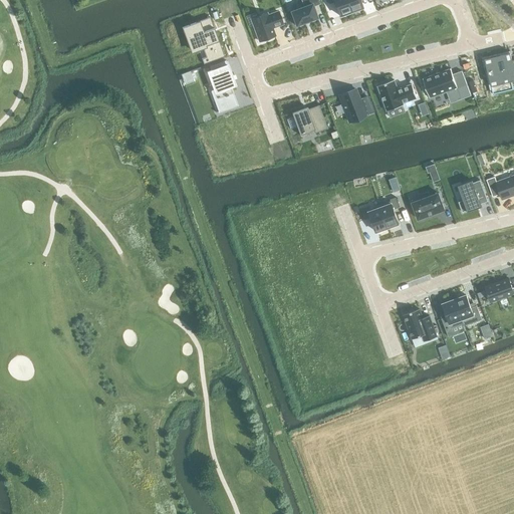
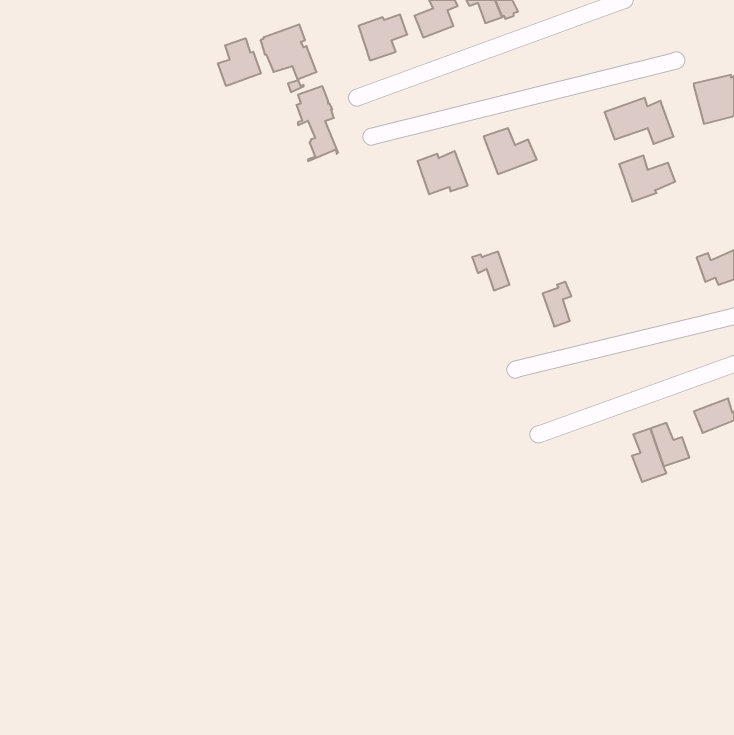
building: none -> [218,38,261,86]
building: [376,79,416,111] -> [619,156,675,202]
building: [457,180,487,212] -> none
building: [412,192,444,219] -> none
building: [360,205,387,232] -> [472,252,510,290]
building: [402,308,437,341] -> none

